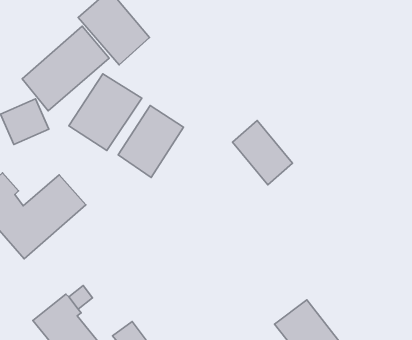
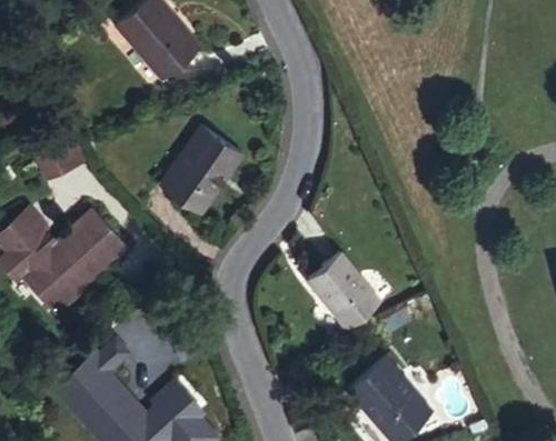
building: [22,26,109,111] -> none
building: [69,74,142,150] -> none
building: [233,121,292,185] -> [308,253,378,329]

